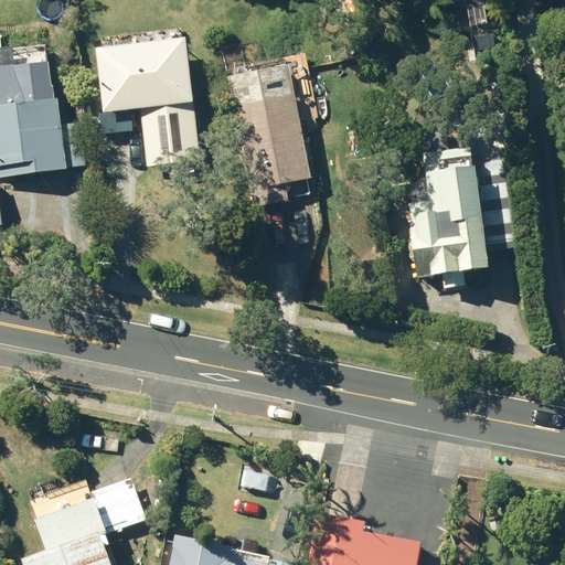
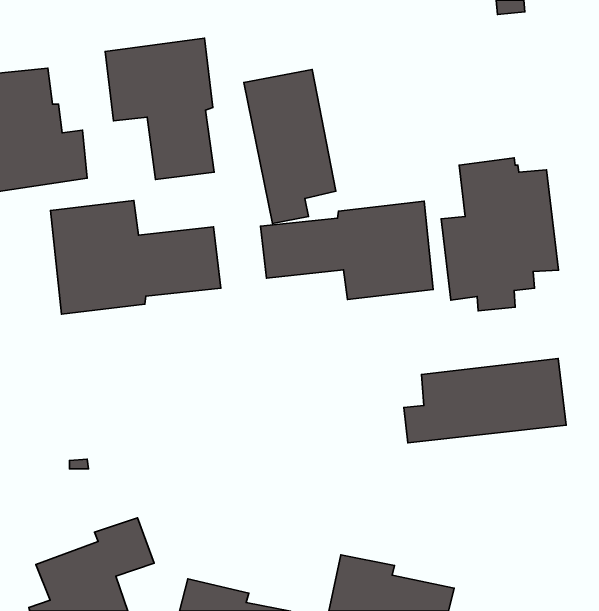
building: none -> [50,200,221,314]
building: none -> [260,201,433,300]
building: none -> [404,359,566,443]

